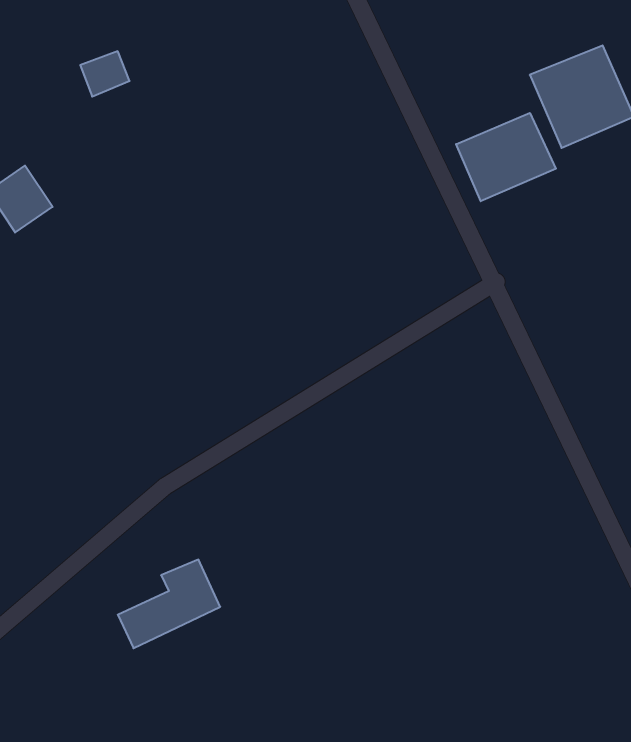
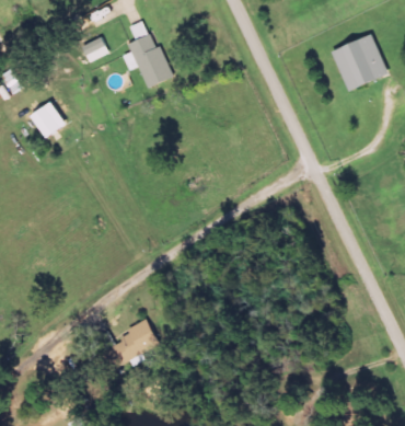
building: none -> [123,23,173,88]
building: [456,113,556,201] -> none

